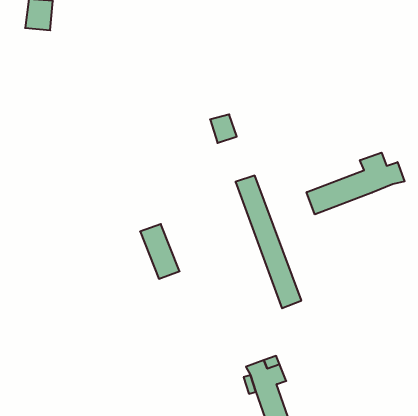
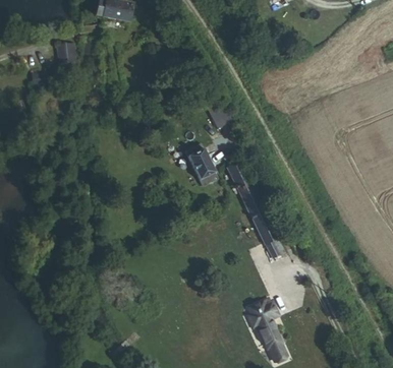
building: [307,153,405,214] -> none
building: [140,224,180,279] -> [184,145,217,187]

